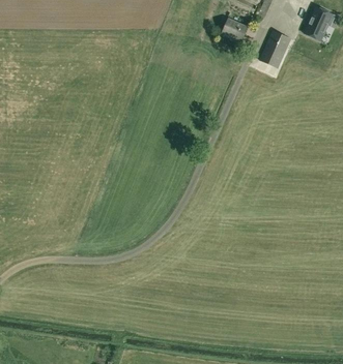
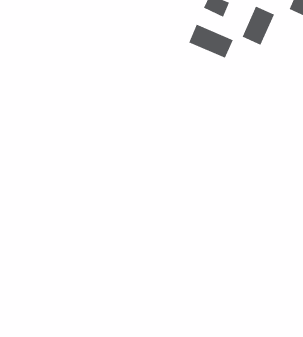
building: none -> [188,24,233,59]

